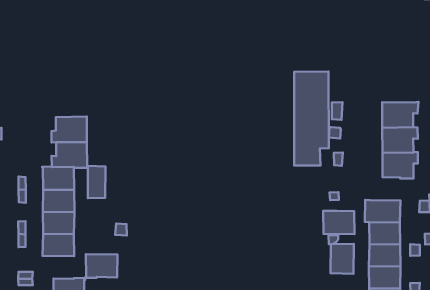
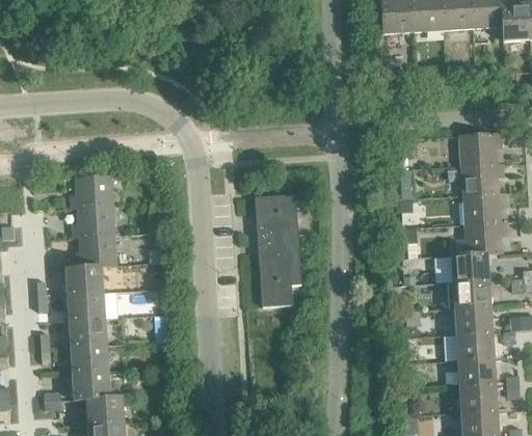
building: [294,72,329,165] -> [256,194,302,307]
building: none -> [458,133,502,166]
building: none -> [71,175,113,209]
building: [88,166,105,198] -> none
building: [323,211,354,234] -> [451,253,489,282]
building: [330,244,354,274] -> none
building: [85,254,118,278] -> [72,371,110,401]

